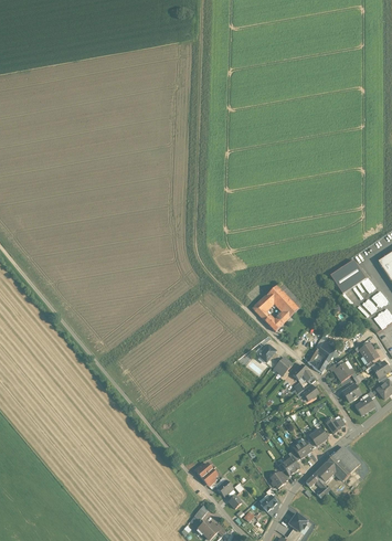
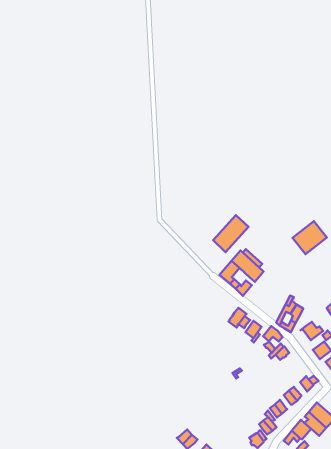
building: none -> [213,215,249,252]

